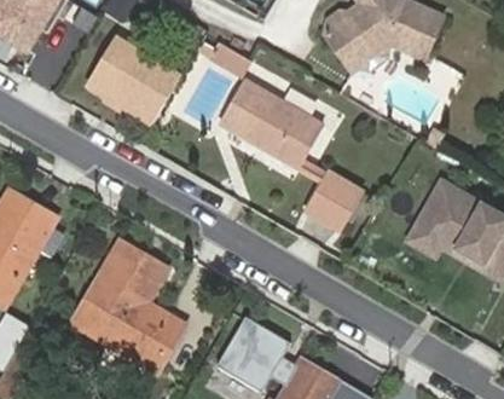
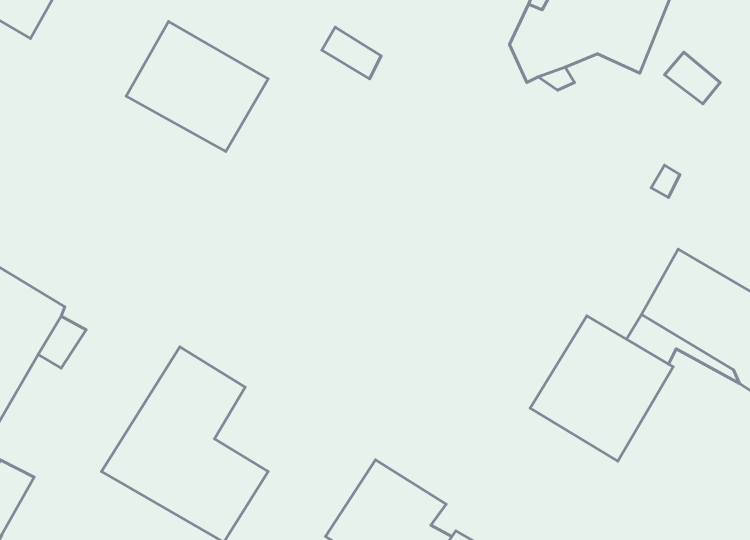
building: [220,81,320,166] -> none
building: [302,170,360,227] -> none
building: none -> [530,316,673,461]

